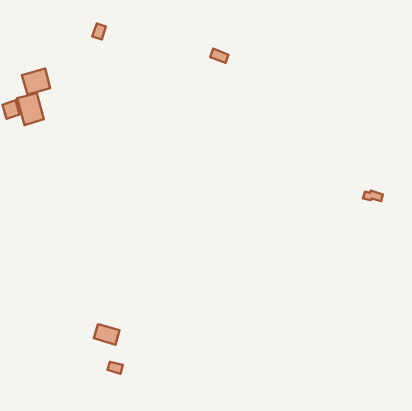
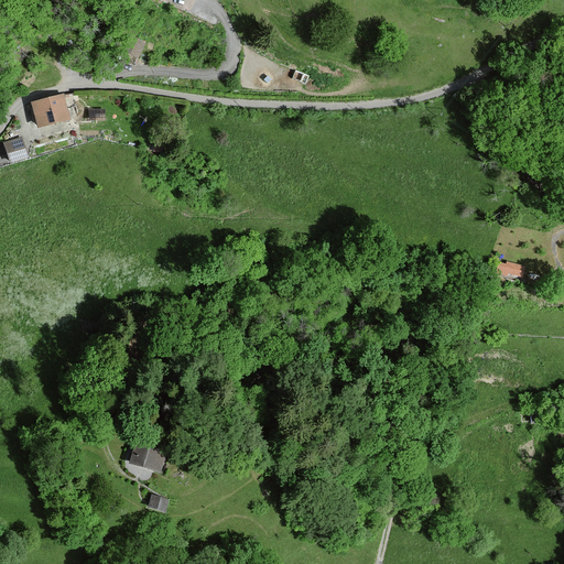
building: [17,93,44,125] -> none

